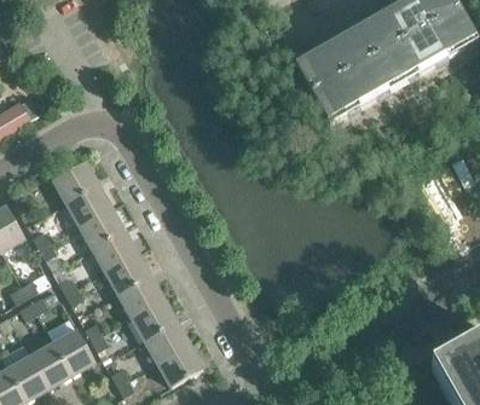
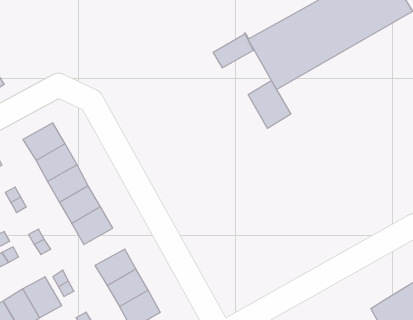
building: none -> [213,34,253,68]
building: none -> [248,81,291,128]
building: [118,276,163,317] -> none

